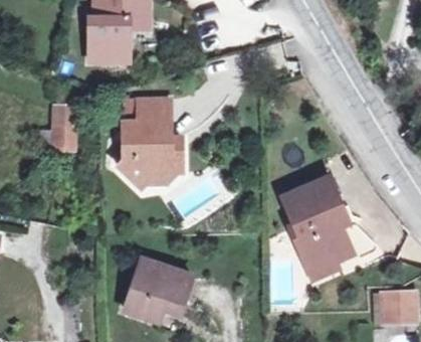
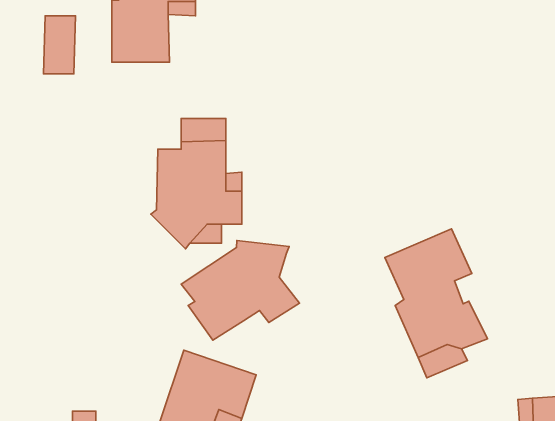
building: [53,107,75,147] -> [44,16,75,74]
building: none -> [181,241,299,340]

